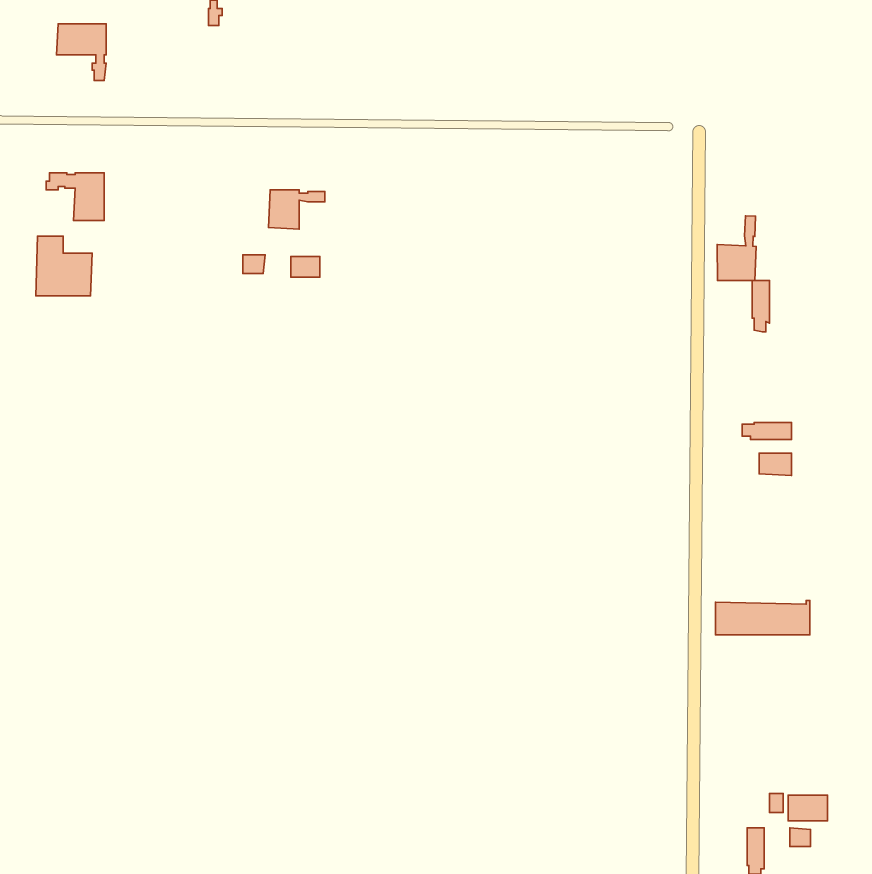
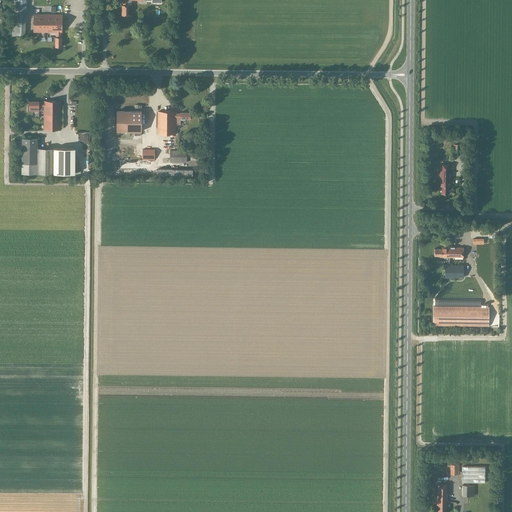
building: none -> [117,111,142,131]
building: [717,216,756,281] -> none
building: none -> [54,148,76,174]
building: [716,601,810,635] -> [434,305,489,325]

